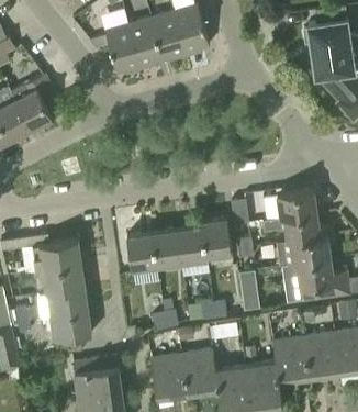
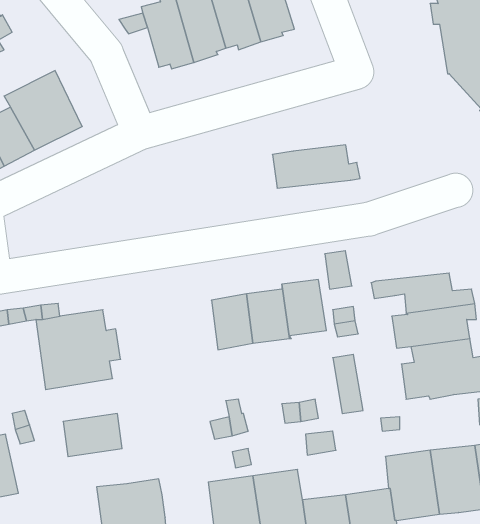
building: [262,190,323,220] -> [272,145,360,188]
building: [126,233,157,270] -> none
building: [38,287,88,316] -> none

